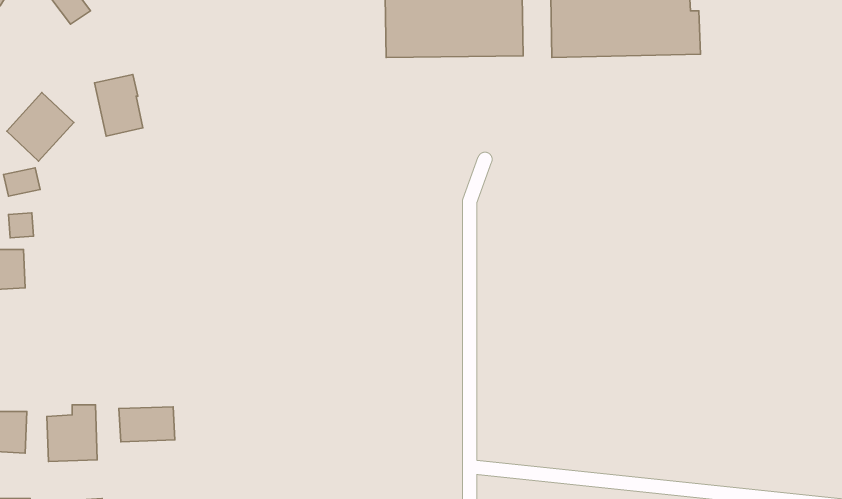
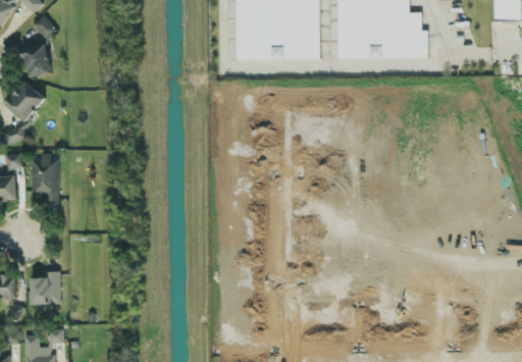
building: [94,74,143,136] -> [21,41,51,79]
building: none -> [32,156,58,201]
building: [119,407,175,442] -> none

